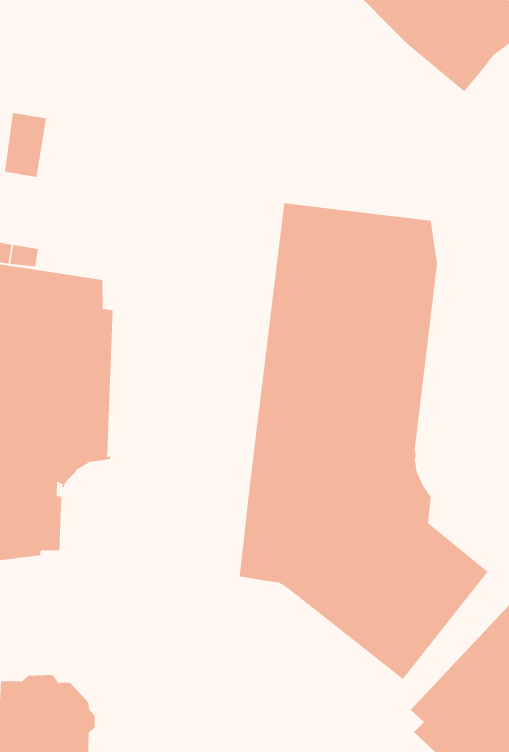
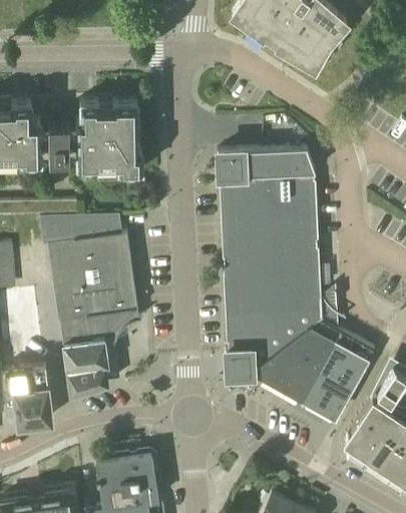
building: none -> [76,102,142,173]

